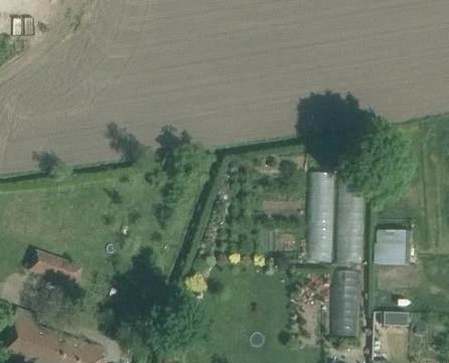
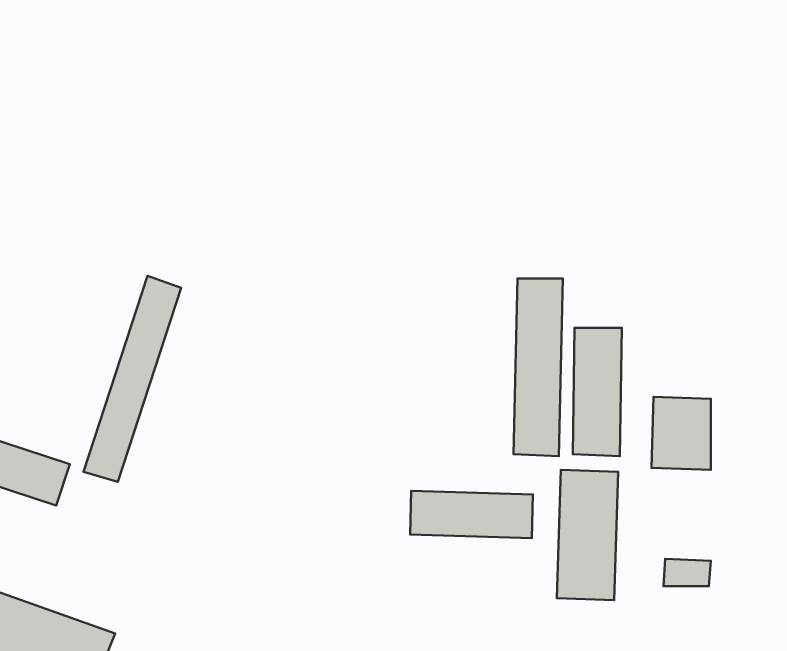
building: none -> [84,276,181,482]
building: none -> [410,491,533,538]

